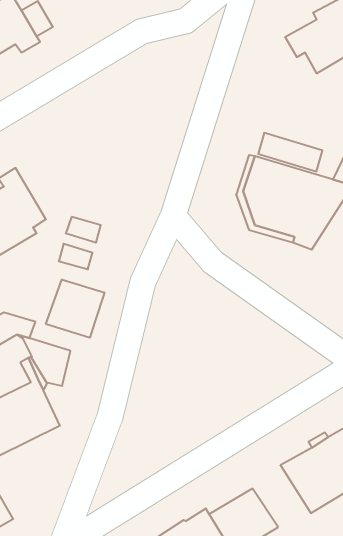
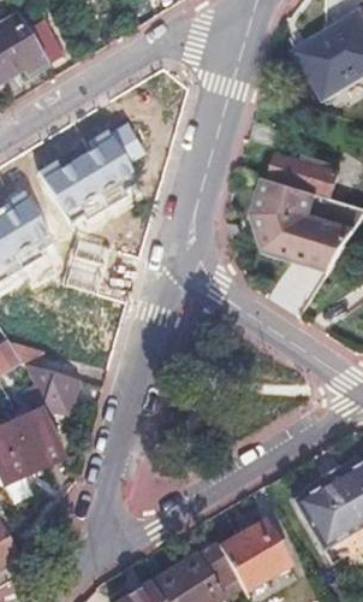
building: none -> [34,122,143,224]
building: [46,279,104,338] -> none

